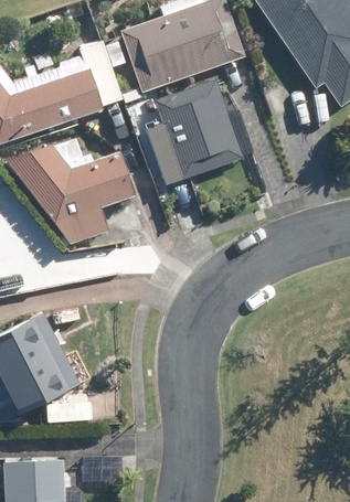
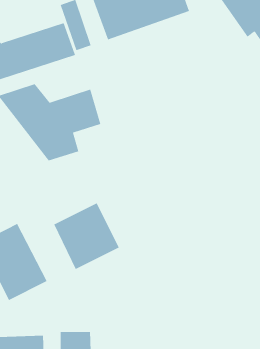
building: [148,78,244,184] -> none
building: none -> [53,203,119,270]

